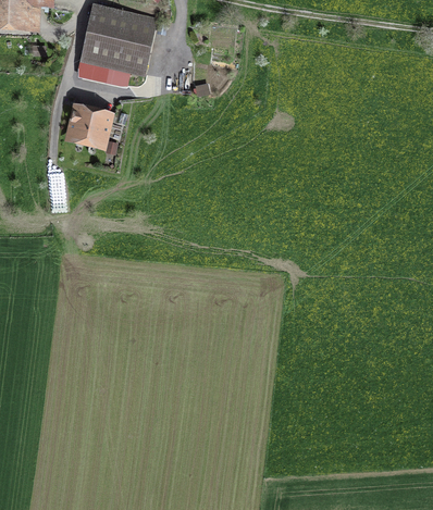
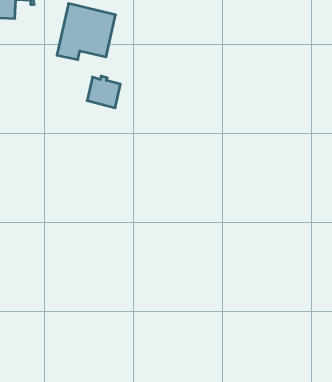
building: [69,108,110,147] -> [87,76,120,108]

